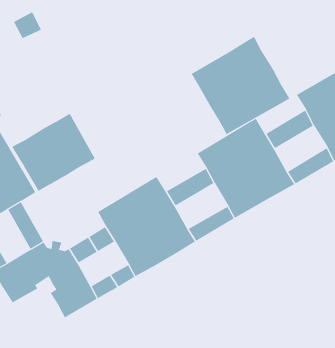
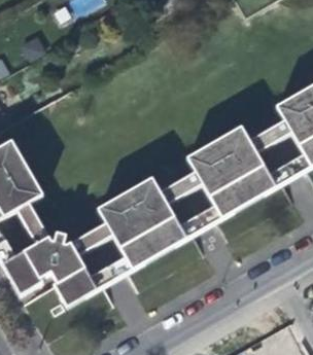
building: [191,36,290,135] -> none
building: [11,113,95,192] -> none

